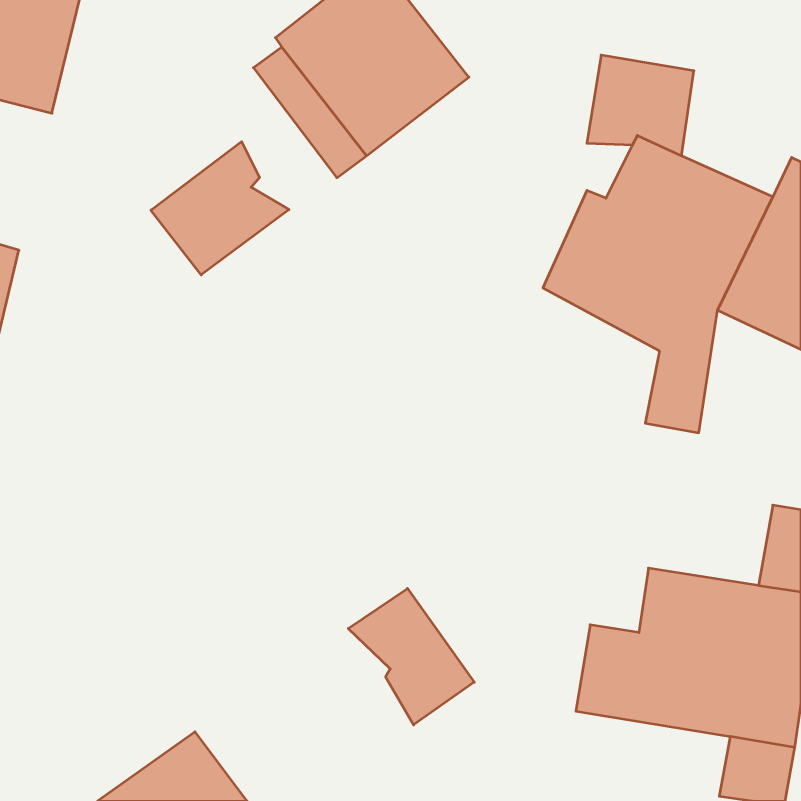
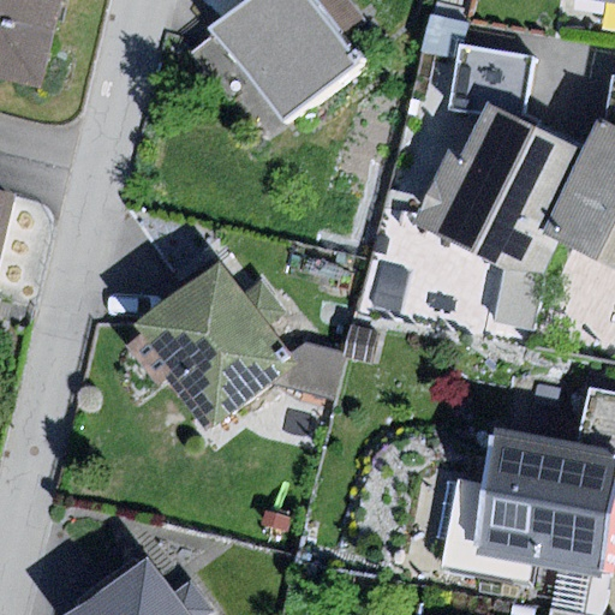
building: [151,142,289,275] -> none
building: none -> [125,267,346,430]
building: [348,588,474,725] -> none

